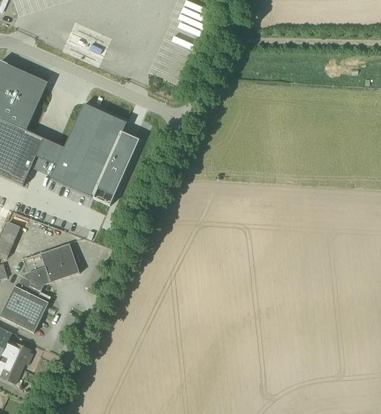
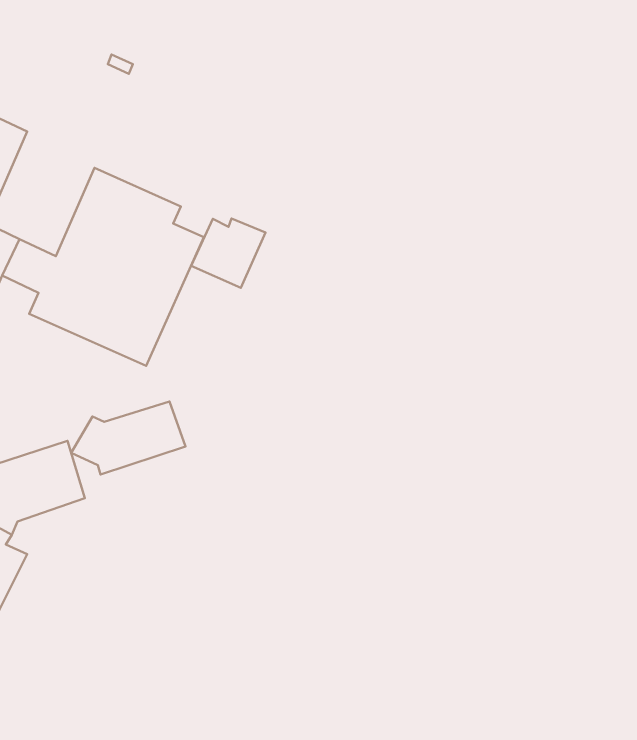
building: none -> [191,218,265,288]
building: none -> [71,402,186,474]

